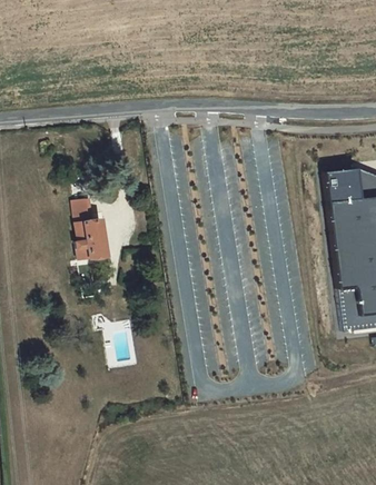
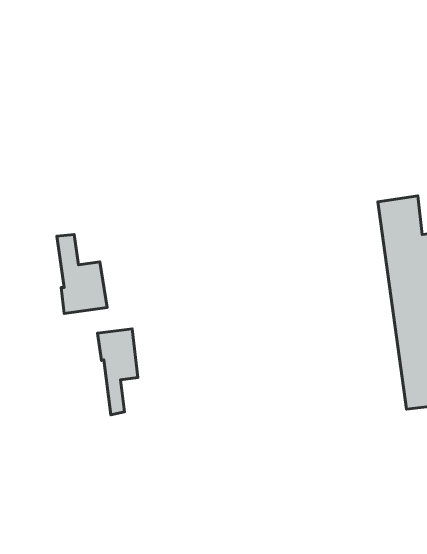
building: none -> [97,329,138,415]

